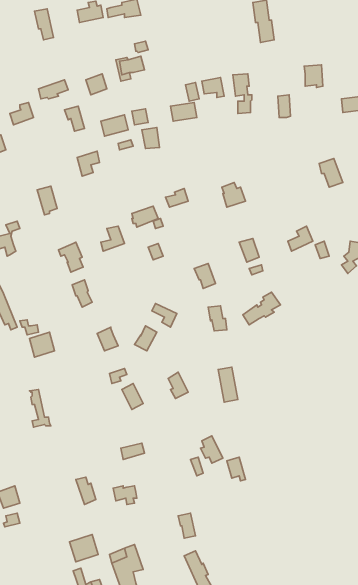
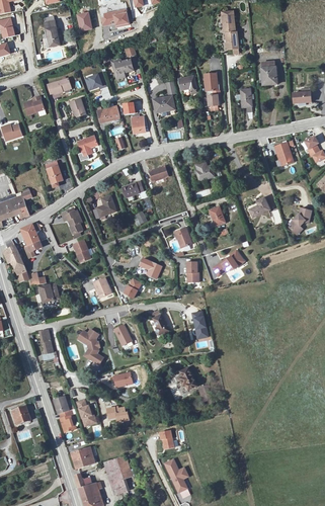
building: none -> [20,223,42,256]
building: none -> [76,327,102,363]
building: none -> [53,395,75,431]

